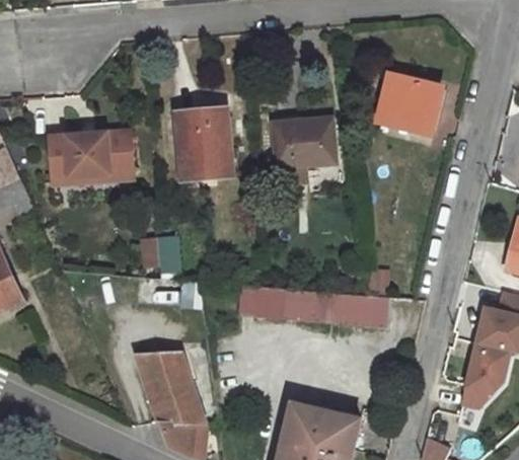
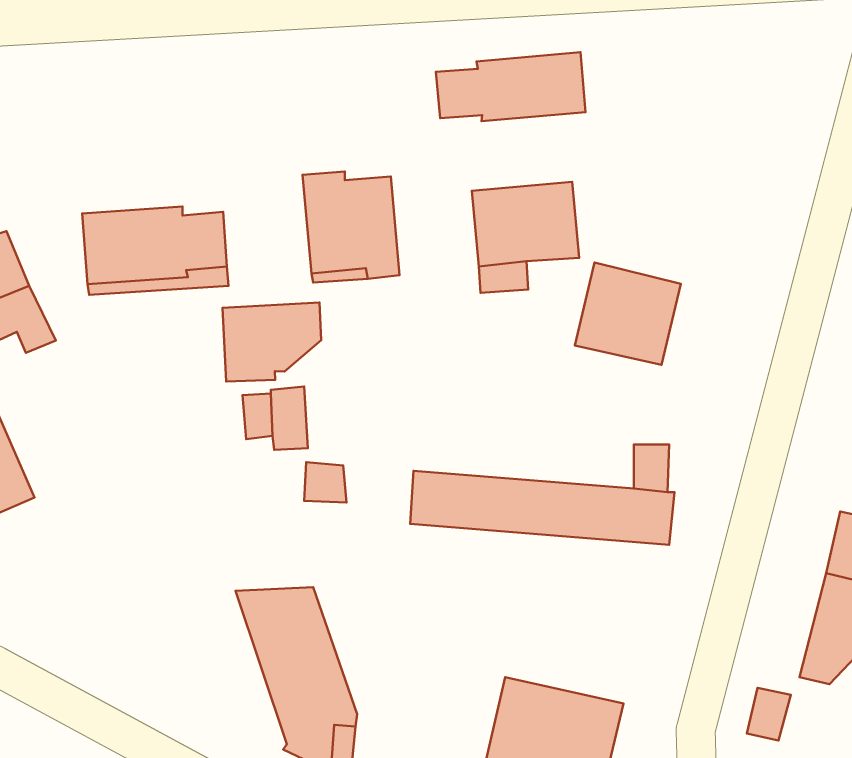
building: none -> [436,52,586,121]
building: [378,73,439,132] -> [575,263,681,365]
building: none -> [222,302,321,381]

